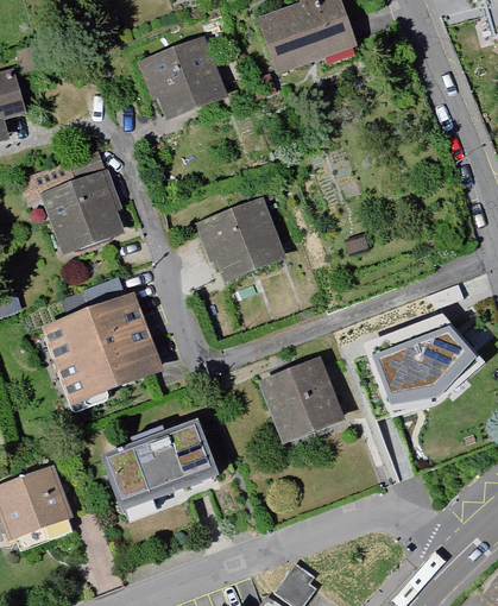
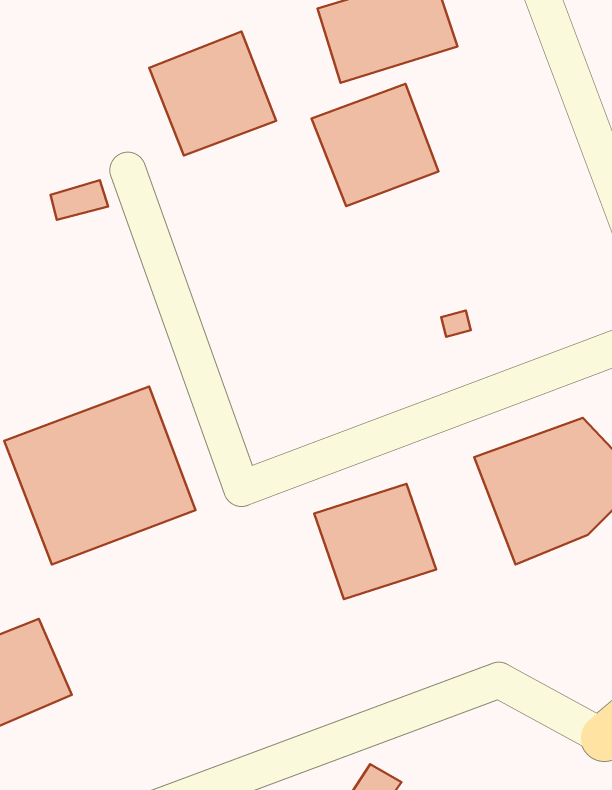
building: [38,171,128,255] -> none
building: [193,197,284,285] -> [312,84,439,206]
building: [97,422,215,522] -> none

